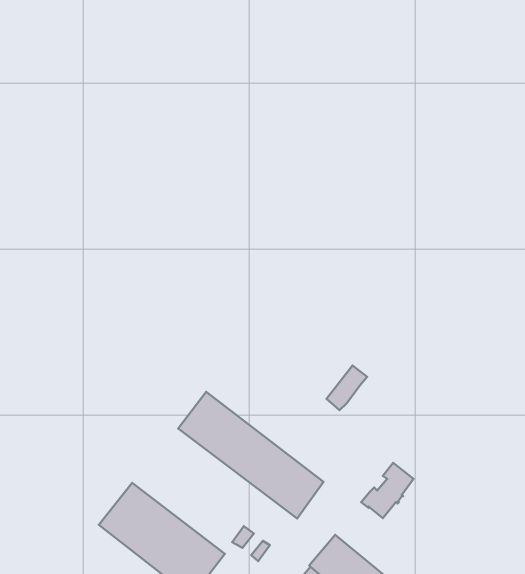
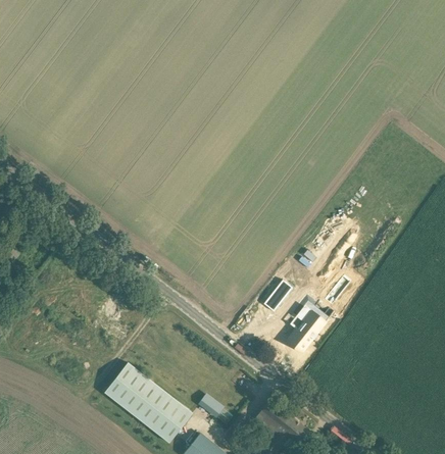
building: [178,392,324,518] -> none
building: [361,463,413,518] -> [287,308,324,347]

